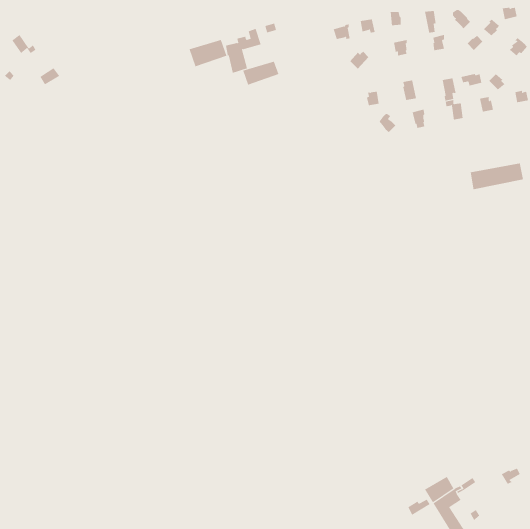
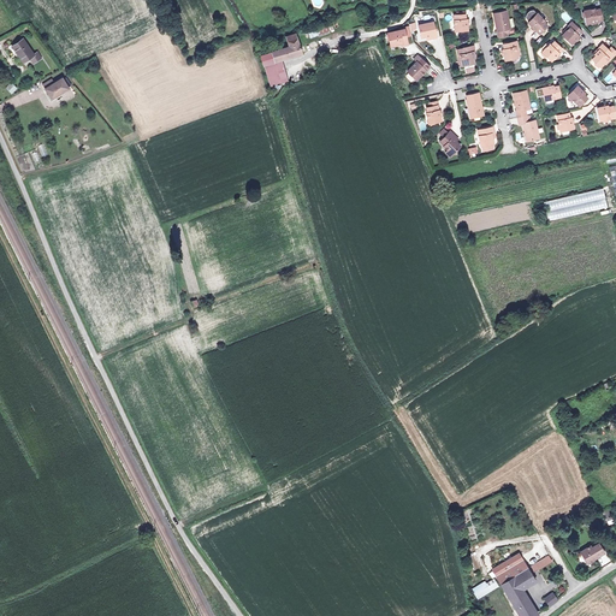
building: [189,39,227,67] -> none
building: [243,61,279,86] -> none

